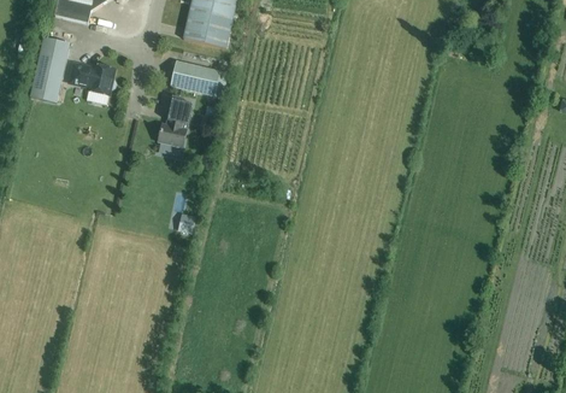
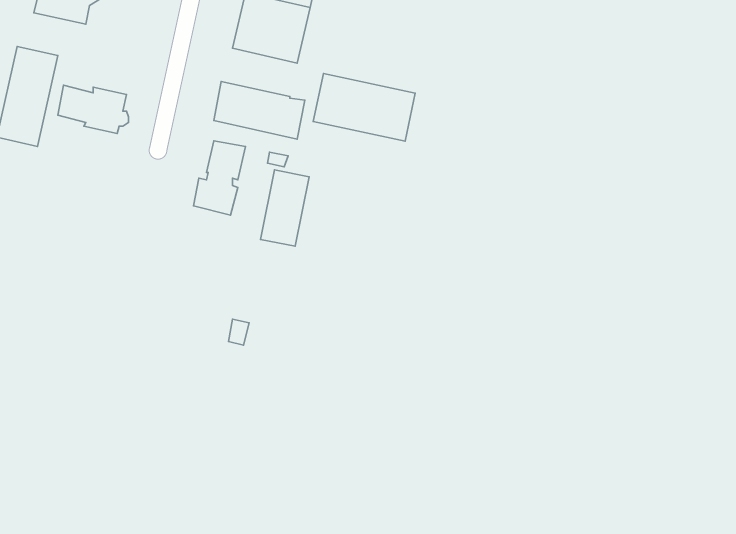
building: none -> [313,73,415,141]
building: none -> [261,170,309,246]

